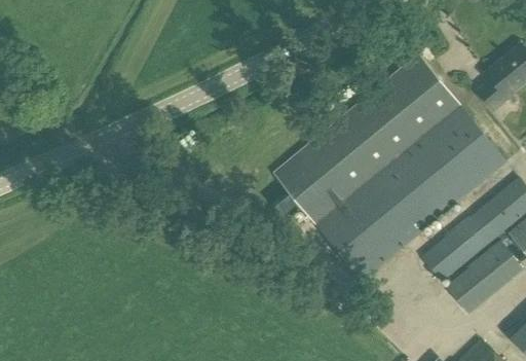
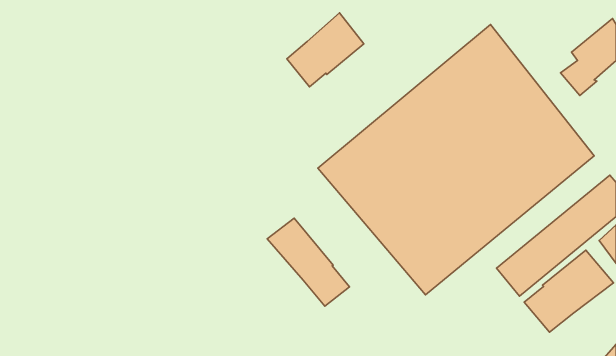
building: none -> [287,13,364,87]
building: none -> [267,218,349,306]

